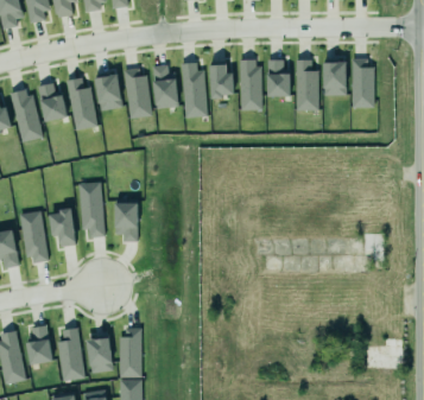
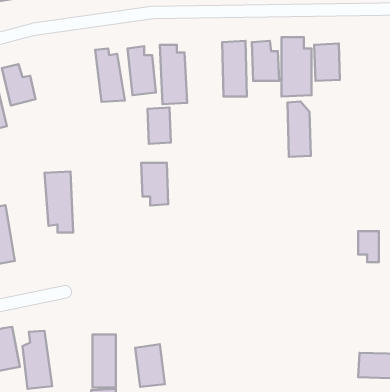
building: [350,55,372,106] -> [287,101,311,157]
building: [210,64,232,97] -> [147,108,171,144]
building: [94,70,122,109] -> none
building: [65,77,97,131] -> none
building: [114,203,139,242] -> [141,163,168,205]
building: [48,209,76,247] -> none
building: [86,332,113,372] -> [135,344,165,387]

